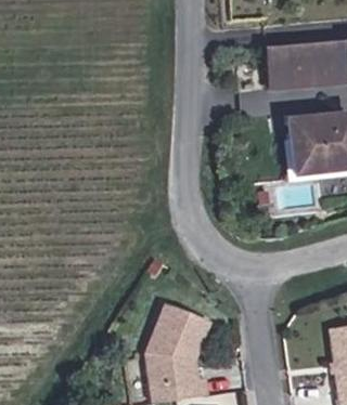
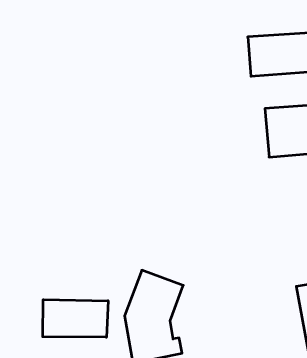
building: none -> [43,300,108,337]

